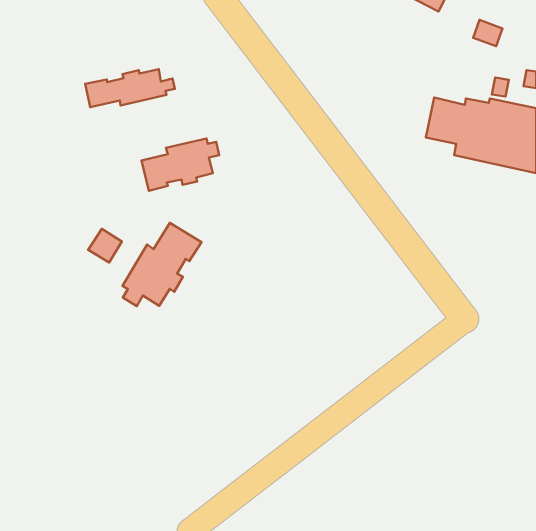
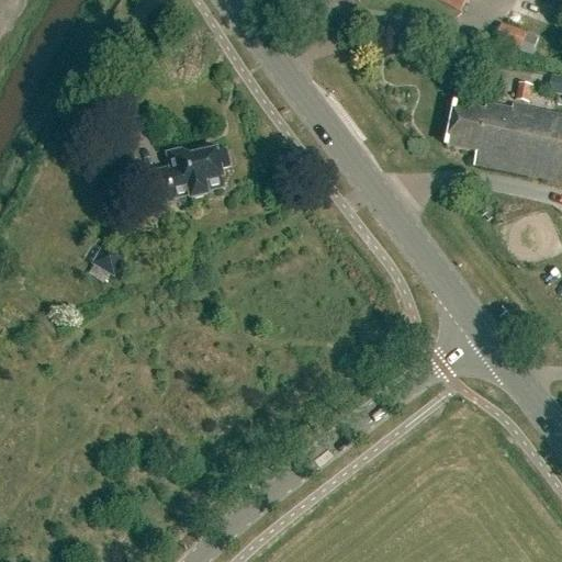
building: [85,69,175,107] -> none
building: [122,223,202,306] -> none

